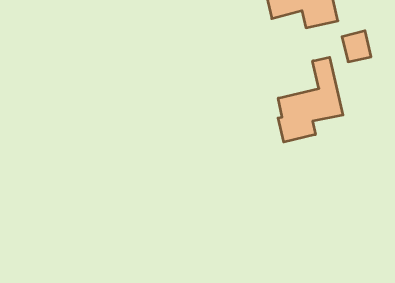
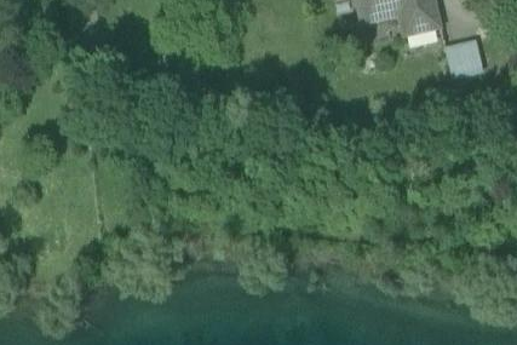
building: [278,57,343,142] -> none

